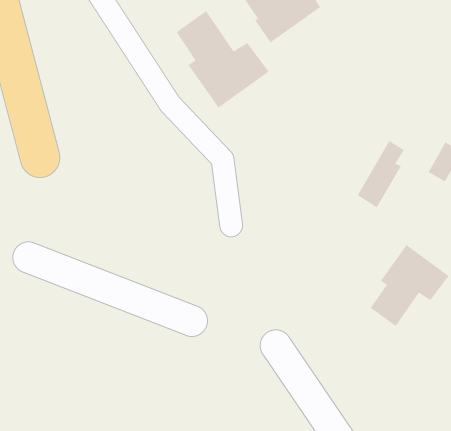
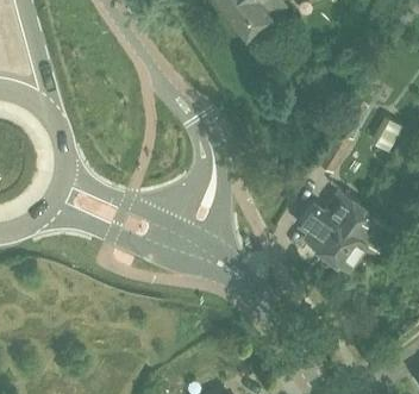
building: [176,10,269,108] -> none
building: none -> [299,192,357,257]

